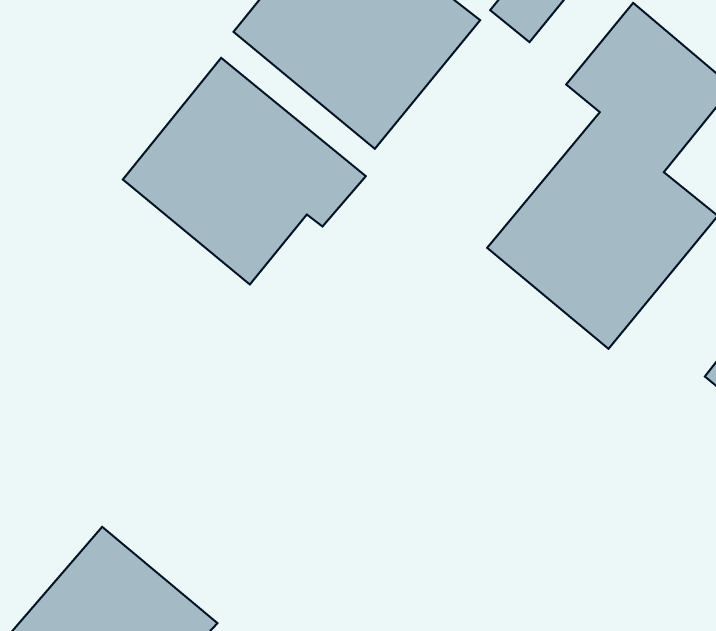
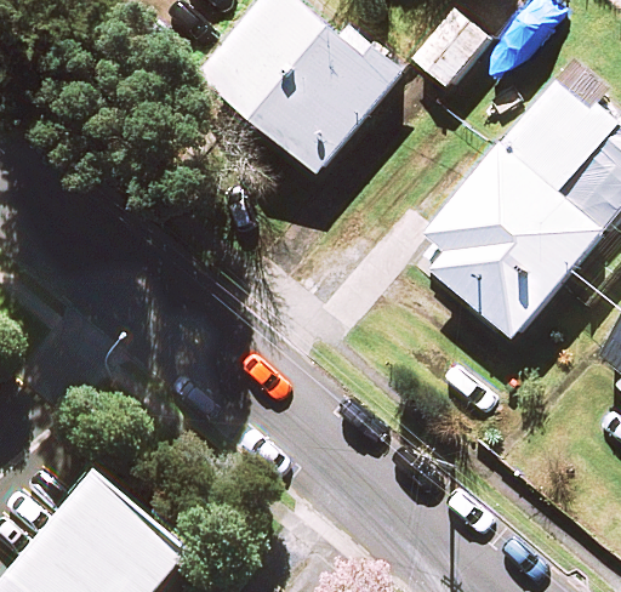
building: [123,58,366,284] -> none

